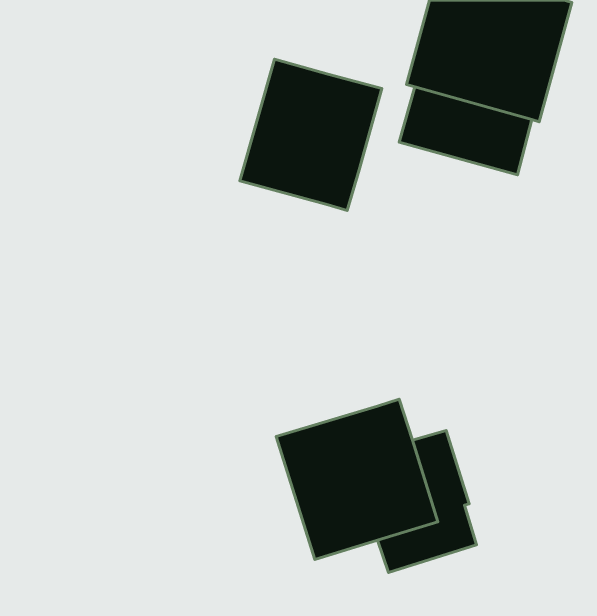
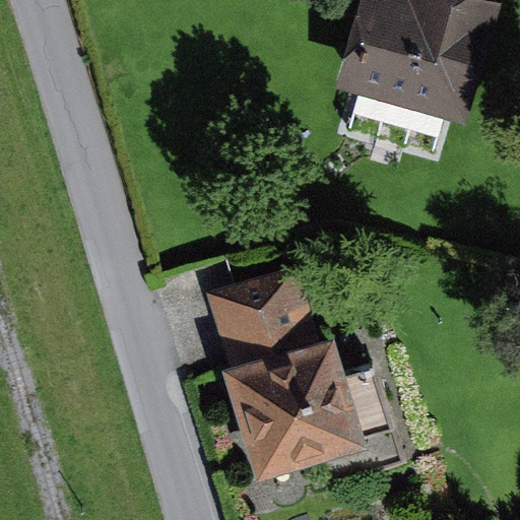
building: [240,59,382,211] -> none
building: none -> [210,267,318,368]

